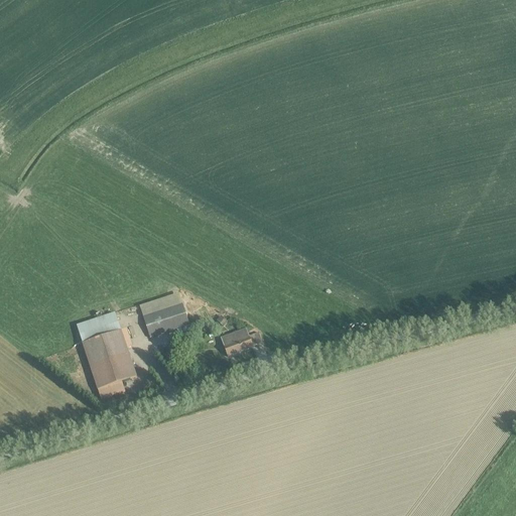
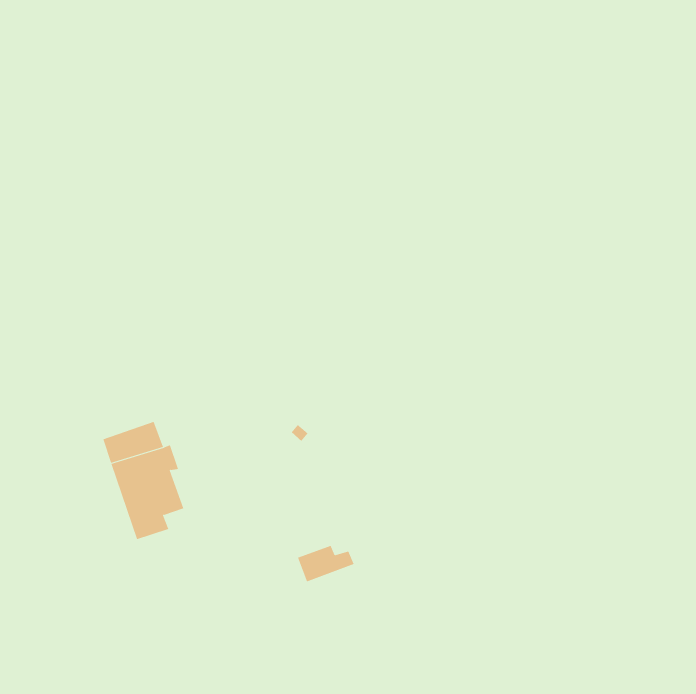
building: [139,292,188,337] -> none
building: [220,328,262,355] -> [297,545,354,582]

